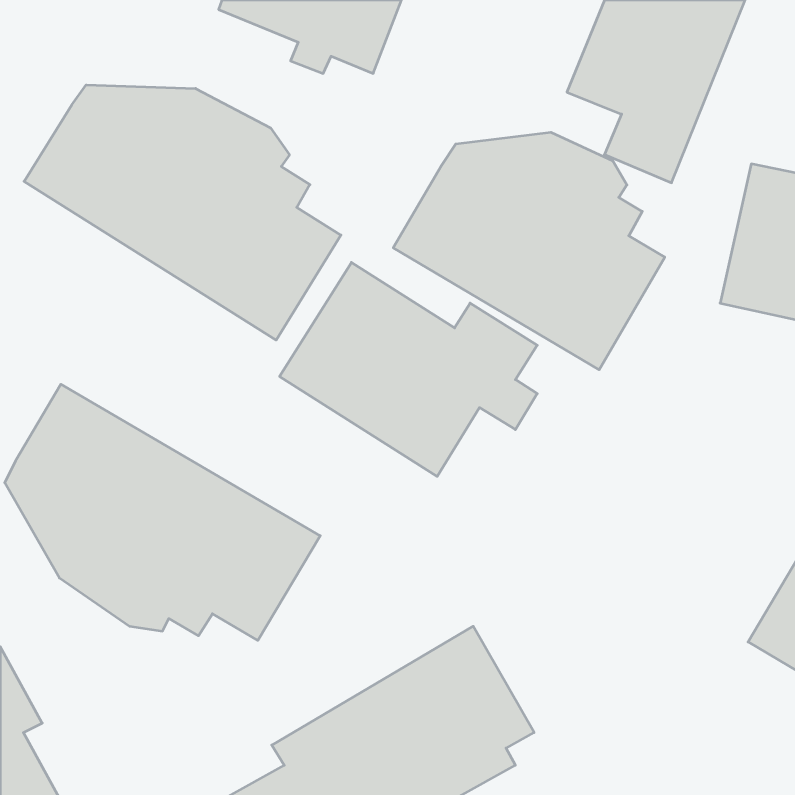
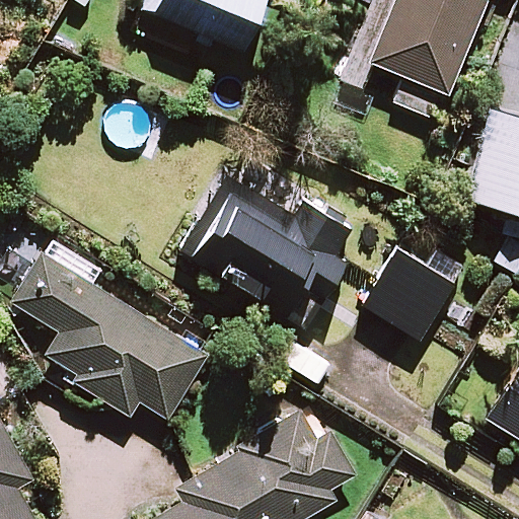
building: [24,85,341,340] -> none
building: [393,132,665,370] -> none
building: none -> [366,250,452,338]

